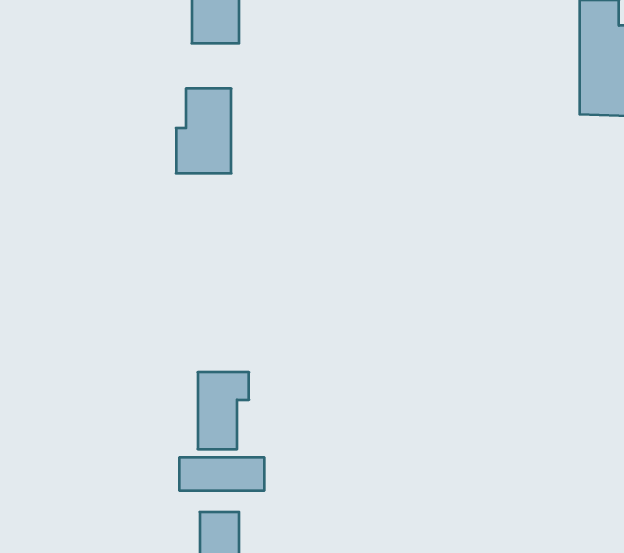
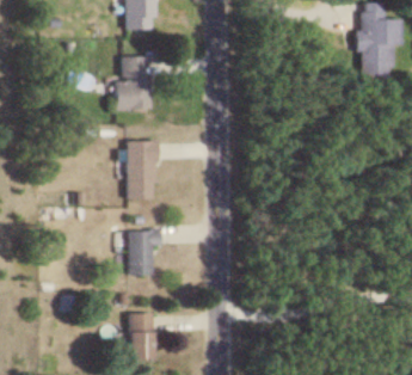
building: none -> [128,141,156,199]
building: [180,457,264,491] -> none

